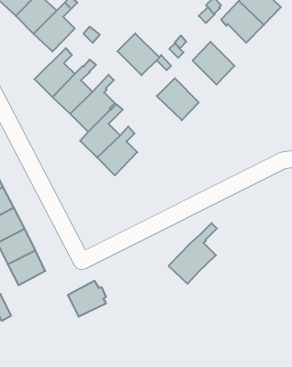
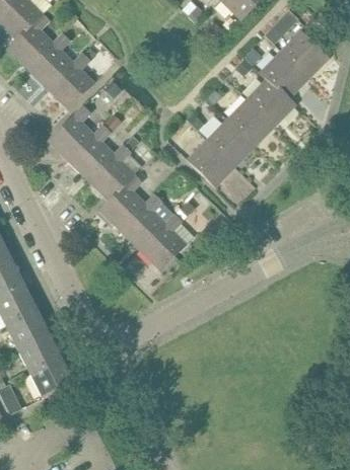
building: none -> [248,76,295,124]
building: [117,33,159,75] -> [207,118,255,165]
building: [169,223,217,284] -> [139,200,194,268]
building: [68,281,106,317] -> [29,357,73,397]

